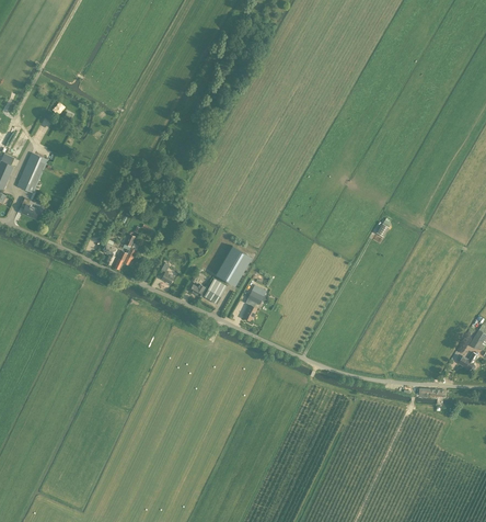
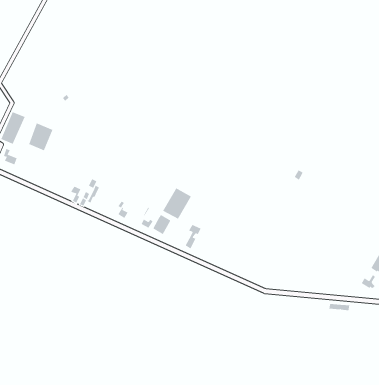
building: none -> [28,122,53,151]

